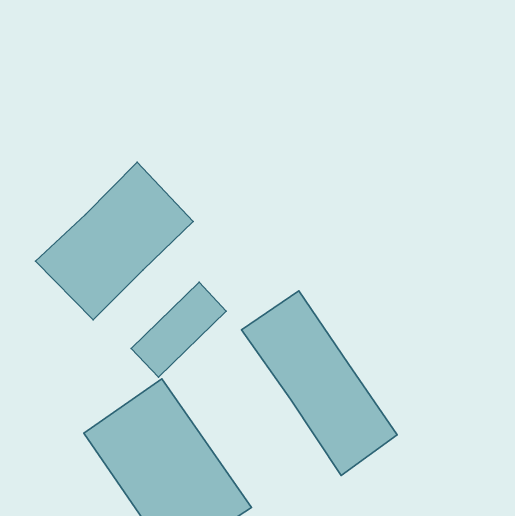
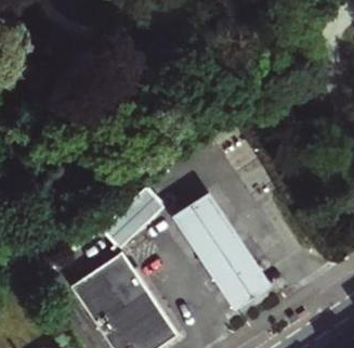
building: [36,162,193,320] -> none

